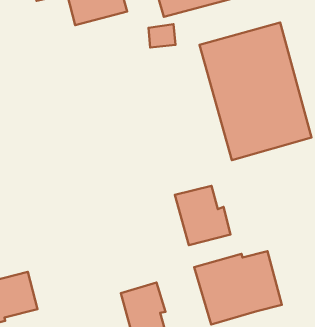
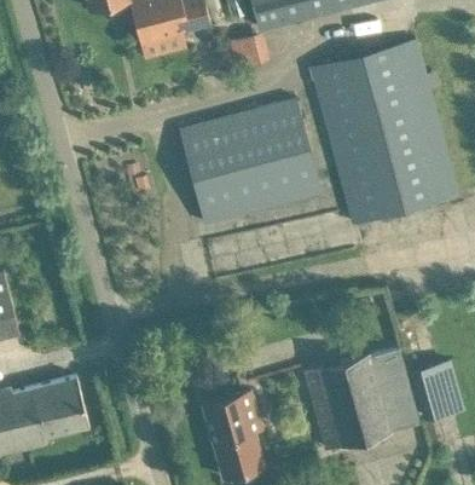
building: none -> [180,103,317,226]
building: [175,186,230,245] -> none
building: none -> [415,362,458,418]

